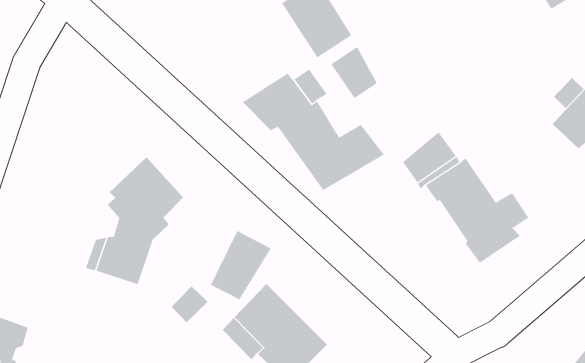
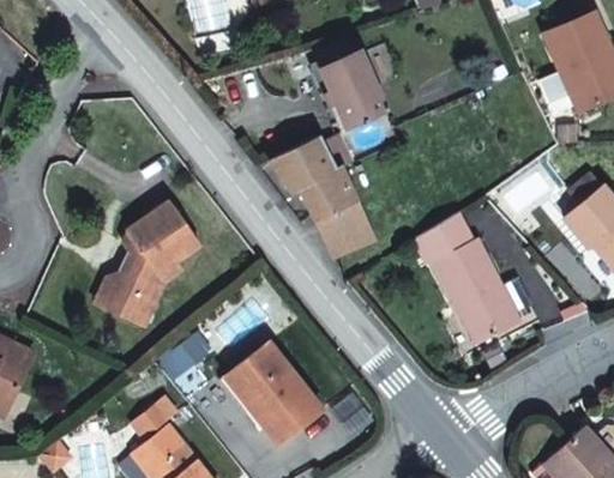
building: [330,46,377,99] -> none
building: [210,230,271,300] -> none

